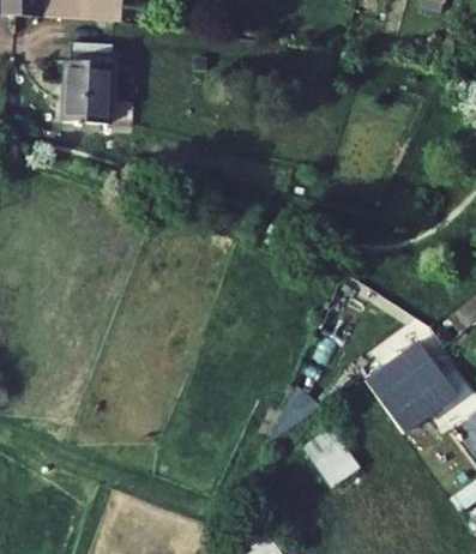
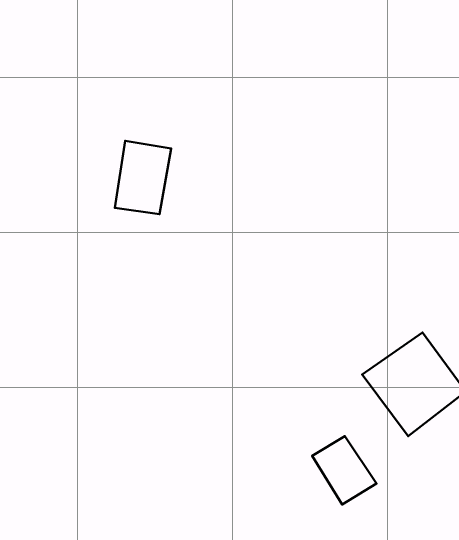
building: [70,54,121,121] -> [115,141,171,214]

